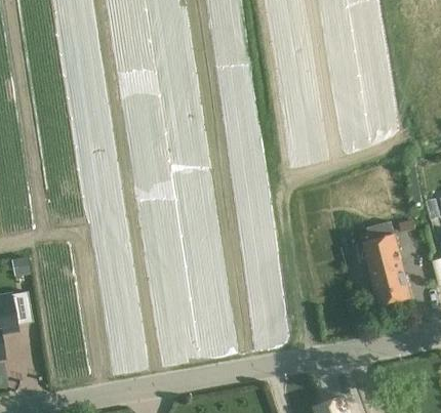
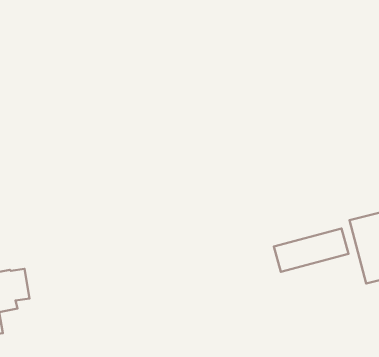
building: none -> [274,229,349,272]

